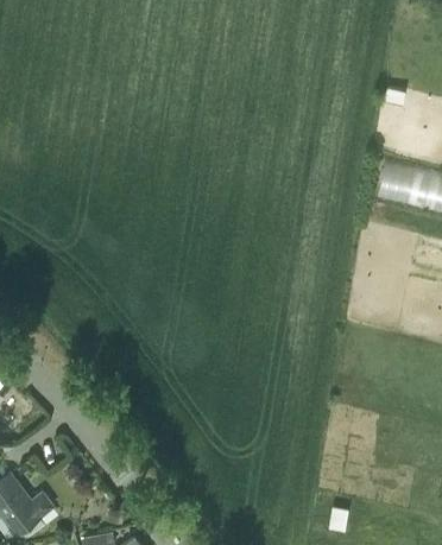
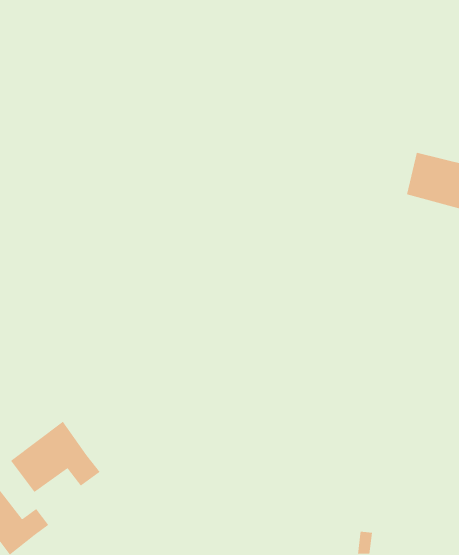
building: none -> [10,421,100,493]

